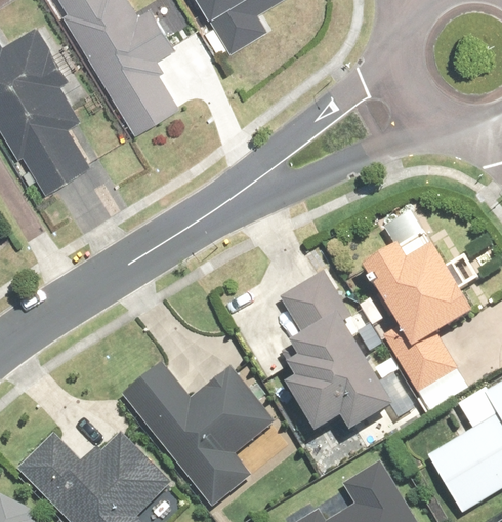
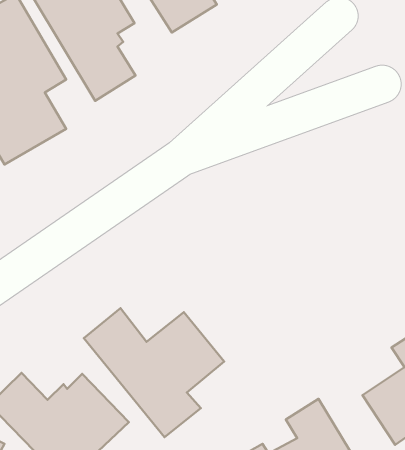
building: [360,212,465,392] -> none
building: [281,273,389,433] -> none

